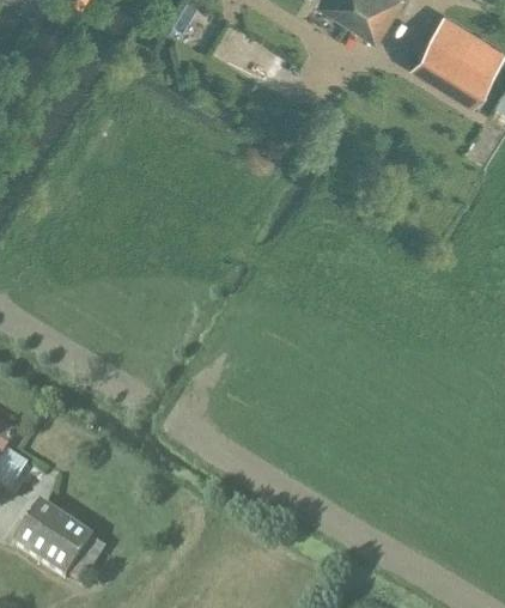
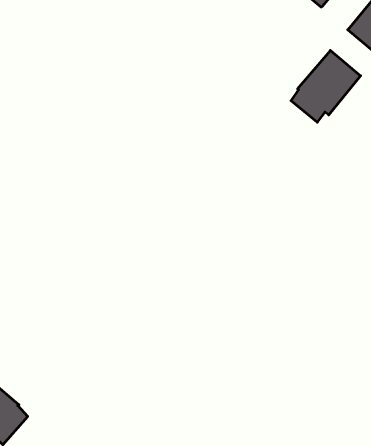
building: none -> [291,50,361,122]

